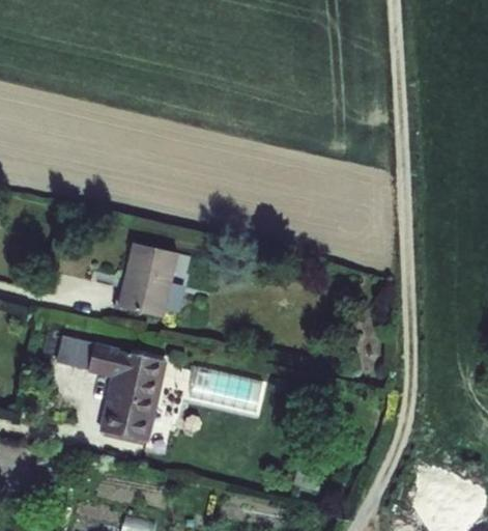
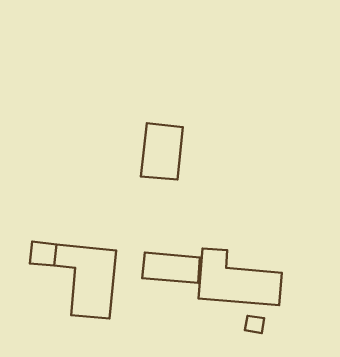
building: [127,241,185,313] -> [141,123,183,180]
building: none -> [199,248,282,305]

